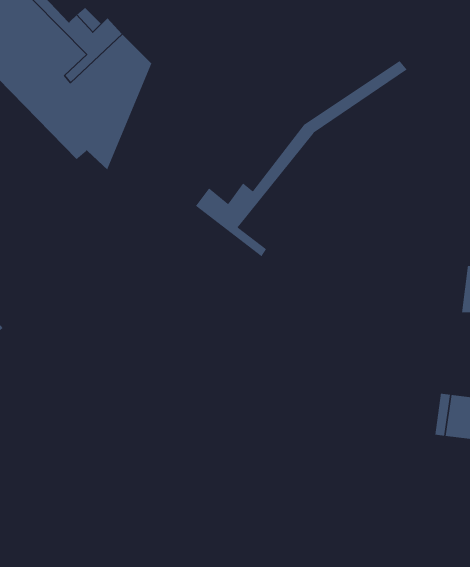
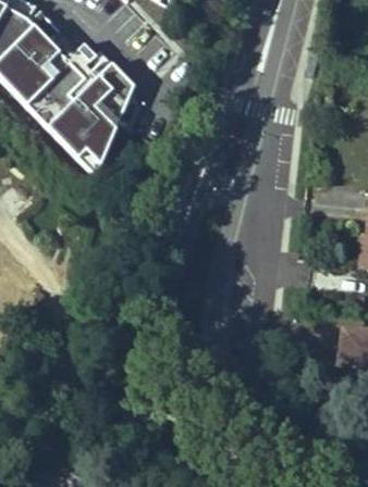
building: [195,60,408,257] -> none

